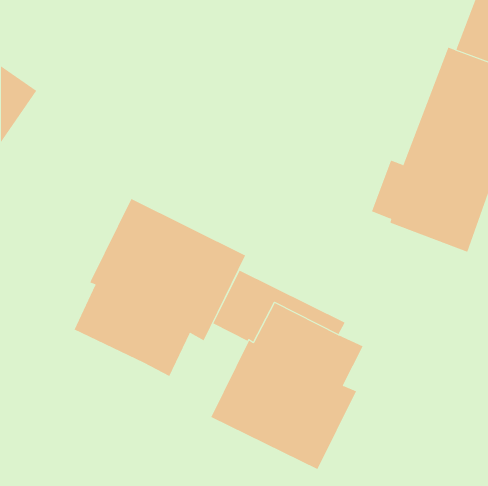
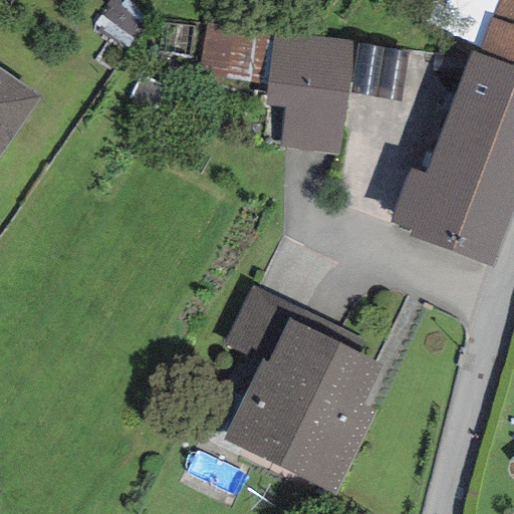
building: none -> [188,19,399,160]
building: [74,198,246,377] -> none

